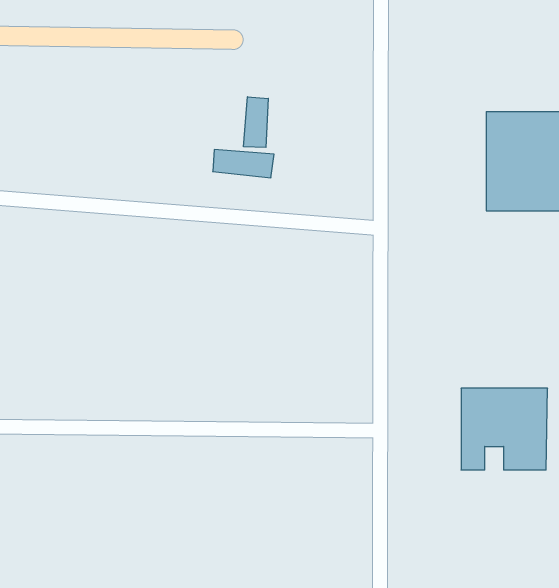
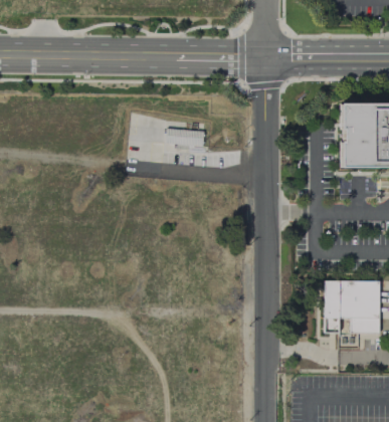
building: [244,97,268,147] -> none

